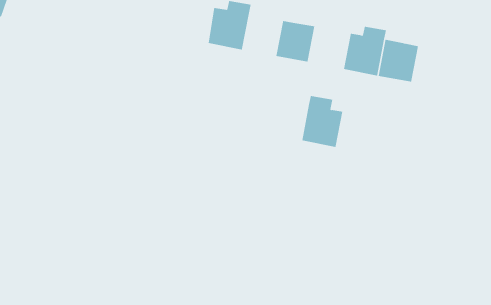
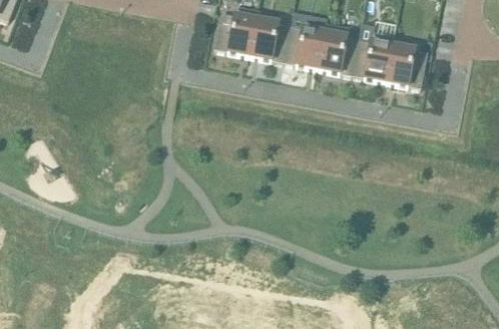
building: none -> [246,16,287,58]
building: [301,96,343,147] -> [313,19,355,71]

